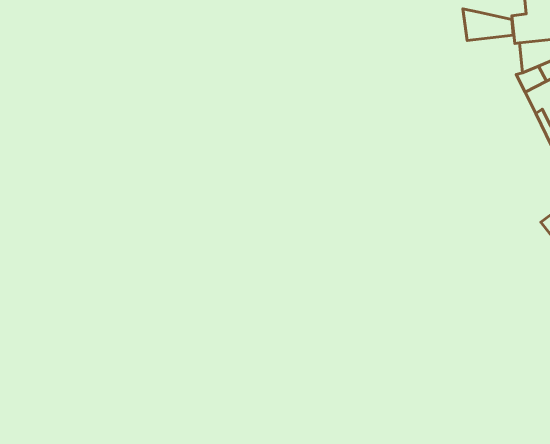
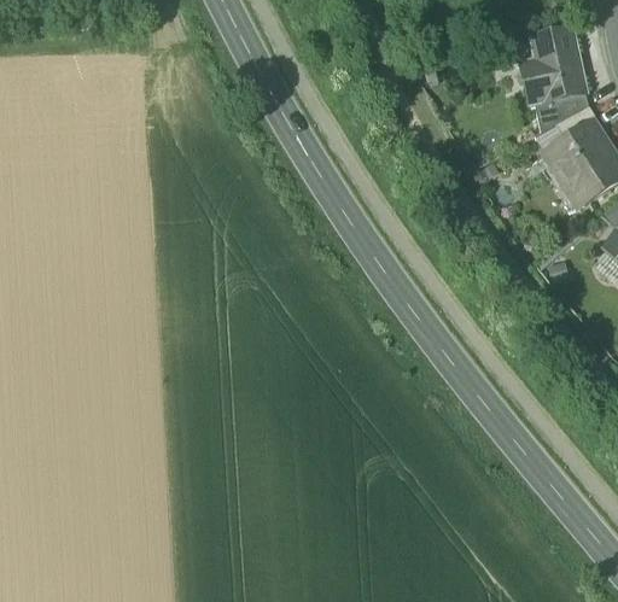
building: [463,9,513,40] -> none

